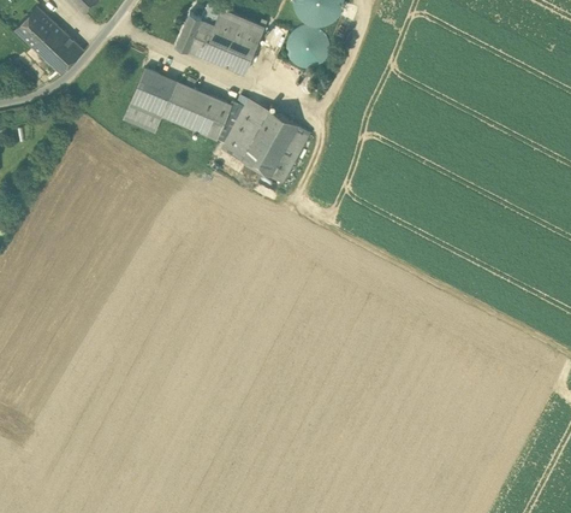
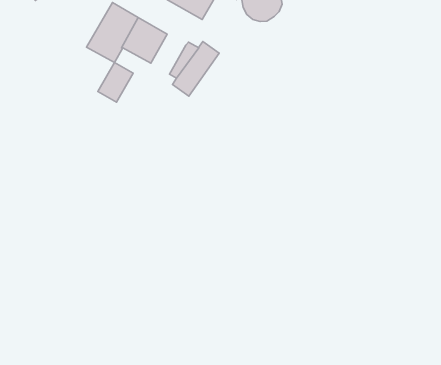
building: [194,94,230,137] -> [98,62,133,102]
building: [239,108,309,182] -> none

